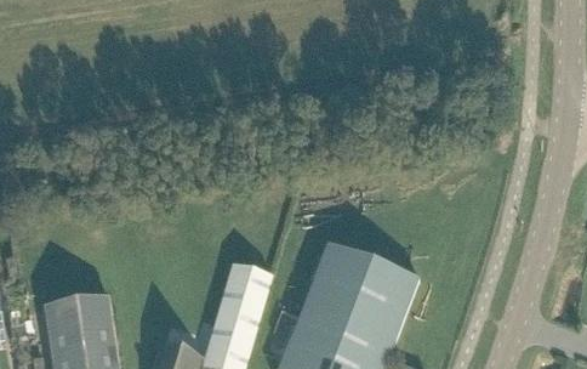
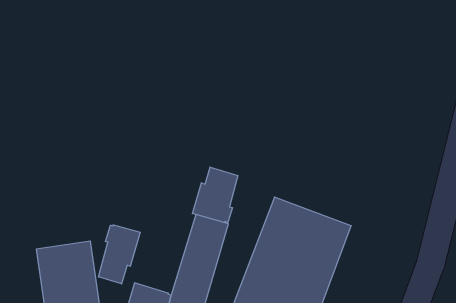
building: none -> [192,167,238,222]
building: none -> [99,225,140,284]

